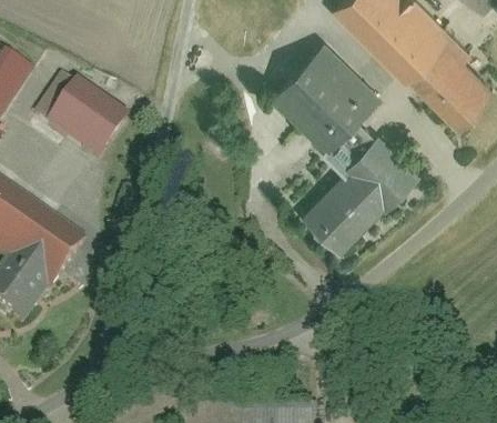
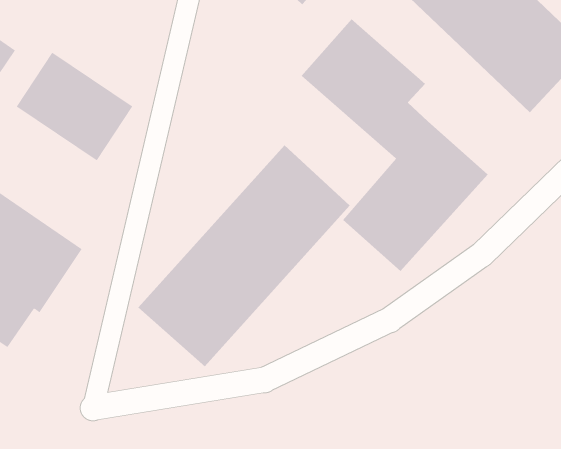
building: none -> [137,144,351,367]

